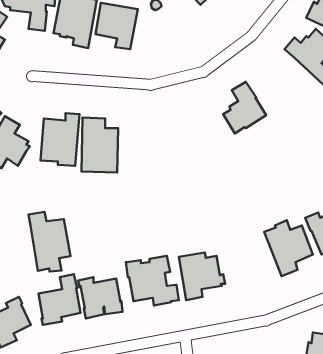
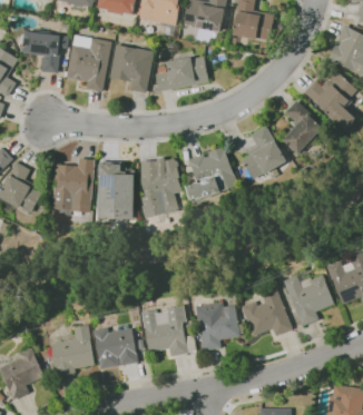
building: none -> [156,57,209,91]
building: none -> [283,100,323,154]
building: none -> [188,146,239,192]
building: none -> [140,158,183,219]
building: [28,212,71,272] -> none
building: none -> [242,286,293,336]

